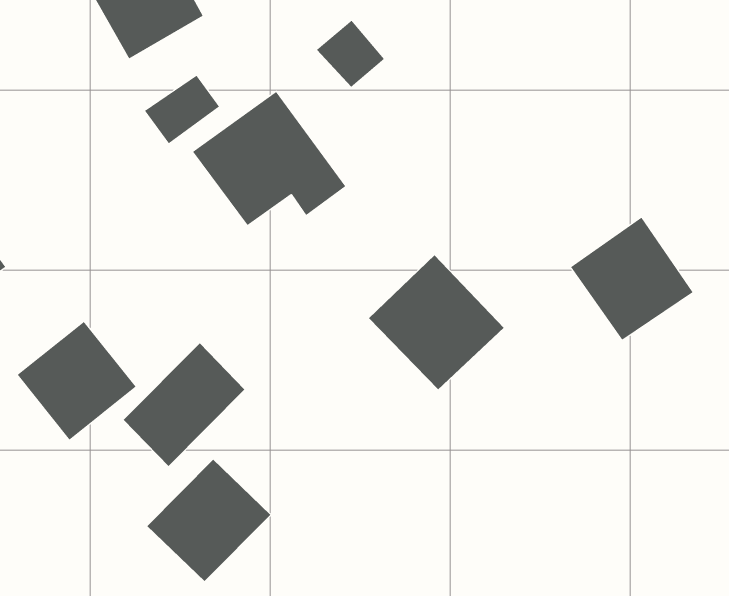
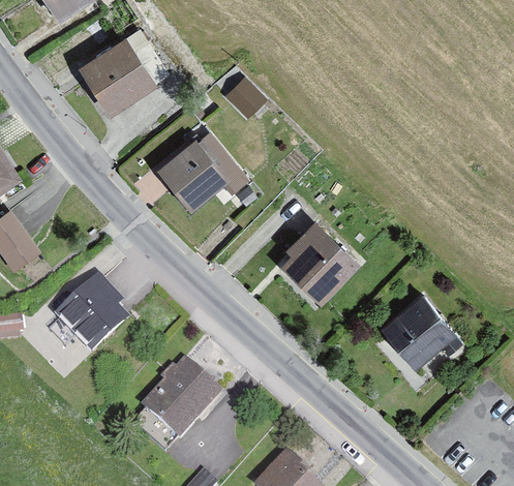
building: [144,75,220,144] -> none
building: [570,217,693,341] -> [380,291,458,369]
building: [123,342,245,467] -> none

